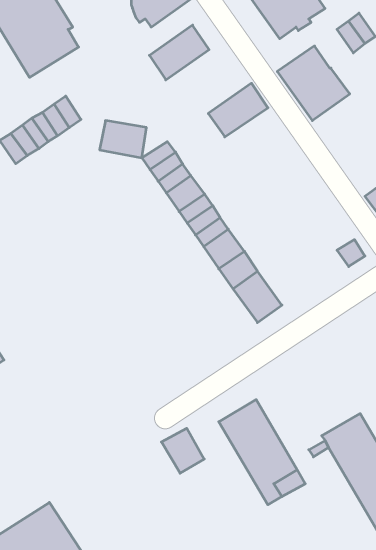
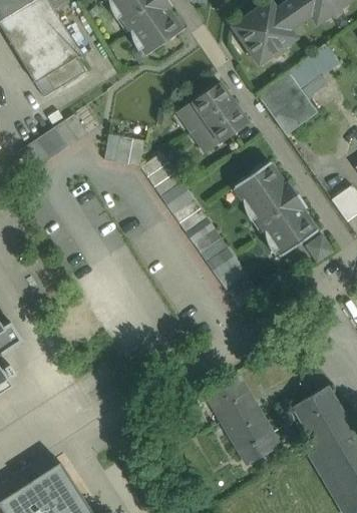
building: [149,25,209,80] -> [183,82,234,129]
building: none -> [288,57,321,90]
building: none -> [234,162,317,255]
building: [161,428,204,473] -> none

